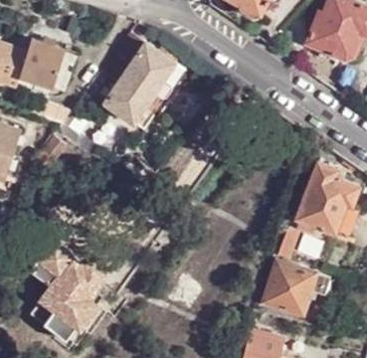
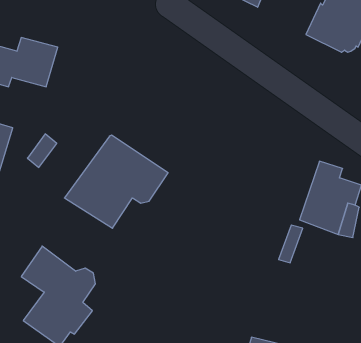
building: [86,32,186,122] -> [64,135,168,228]
building: [263,262,330,317] -> none

